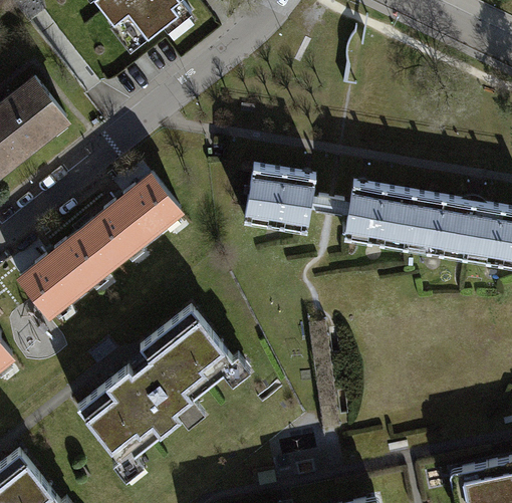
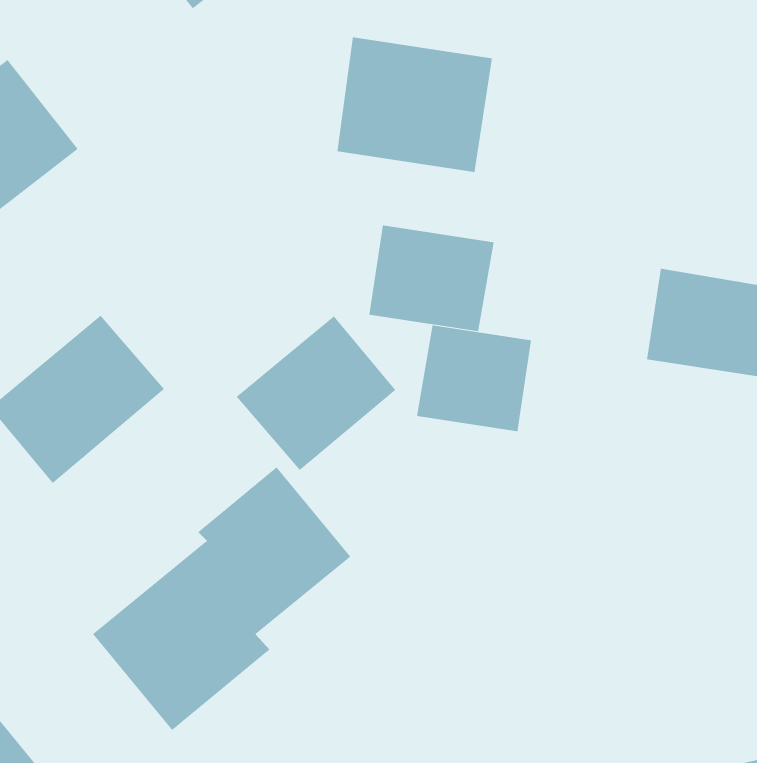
building: none -> [337,36,493,173]
building: [87,172,181,262] -> [236,316,396,471]
building: [345,183,413,245] -> [416,325,532,432]

